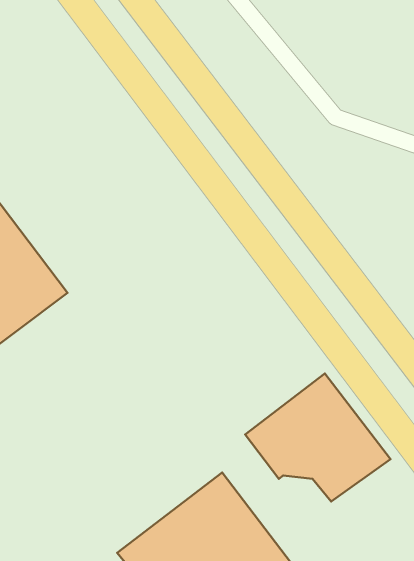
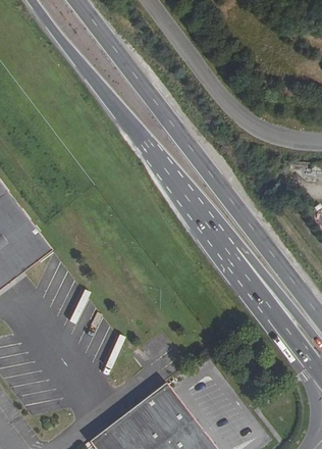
building: [245,373,390,501] -> none

